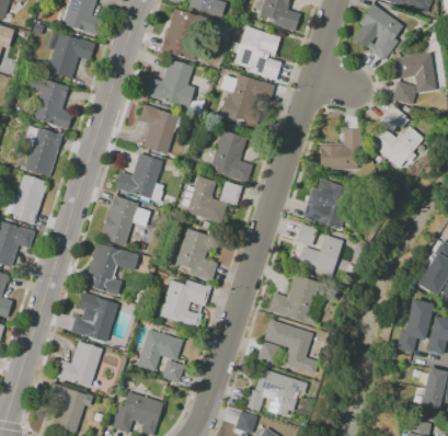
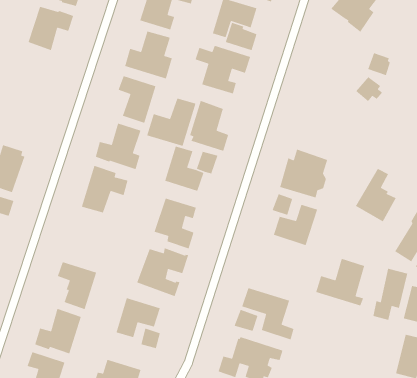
building: [397,53,436,93] -> none
building: [31,77,72,129] -> none
building: [371,126,423,168] -> none
building: none -> [146,97,196,147]
building: [25,127,61,176] -> none
building: [320,131,365,171] -> none
building: none -> [355,168,397,223]
building: [84,241,139,294] -> none
building: [267,275,318,324] -> [315,258,365,307]

